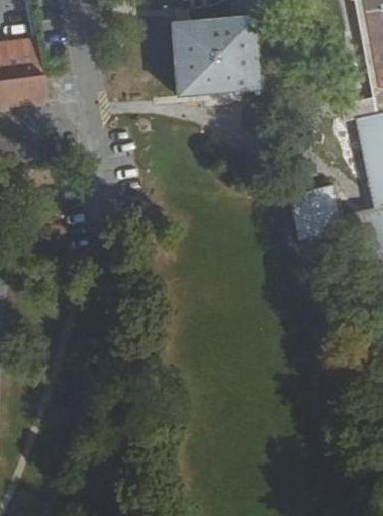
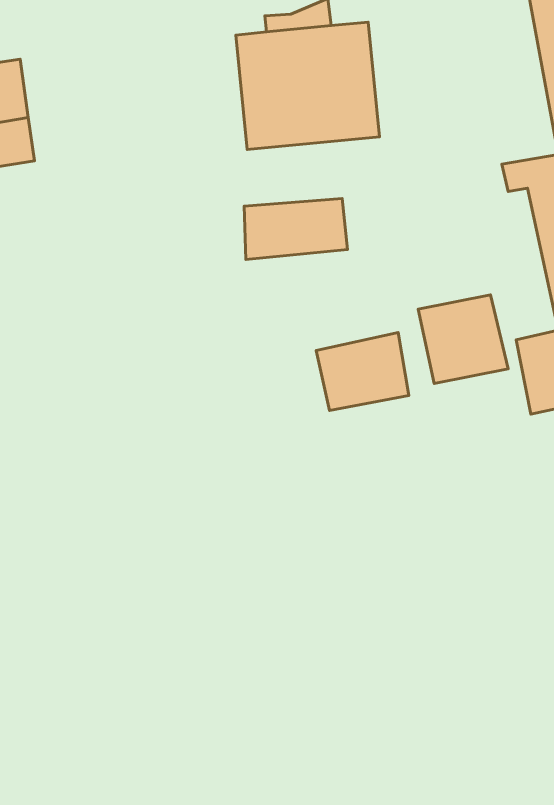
building: none -> [244,198,348,260]
building: none -> [316,332,409,410]

